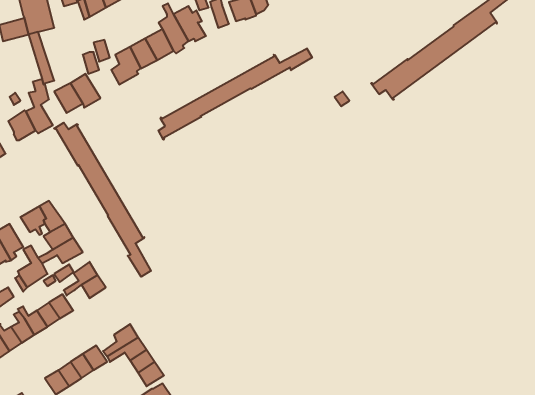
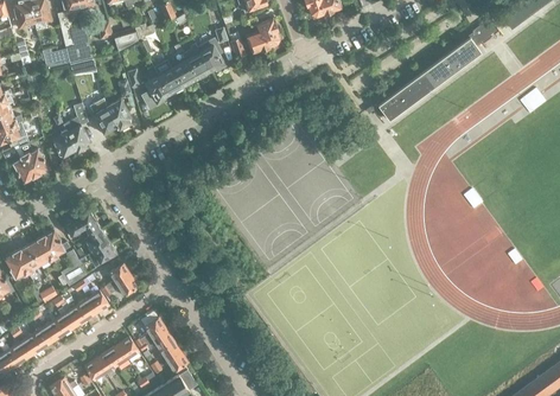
building: [158,48,312,140] -> none
building: [54,123,151,277] -> none

